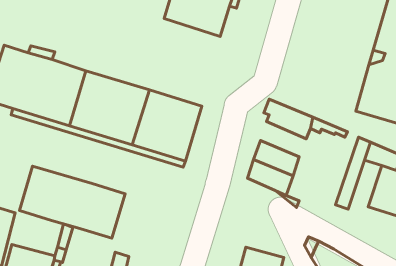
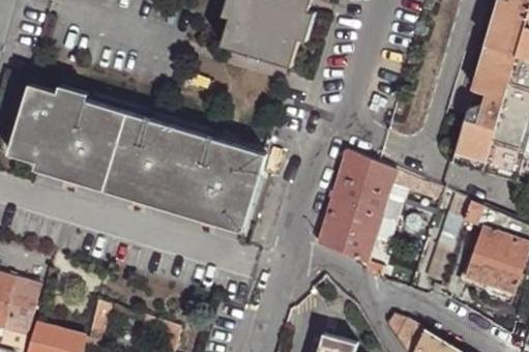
building: none -> [335,175,390,217]
building: [19,166,125,238] -> none

